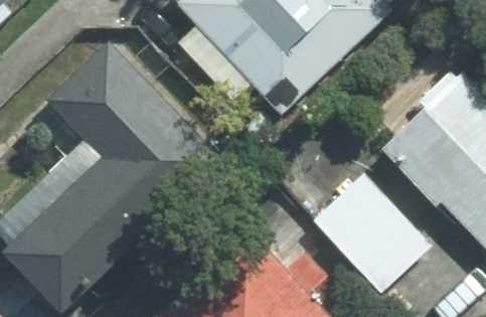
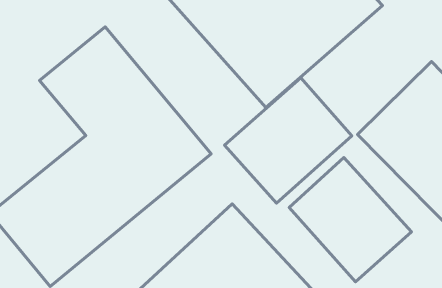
building: none -> [225,78,352,203]

